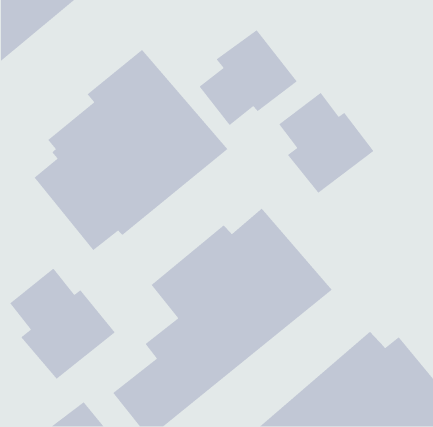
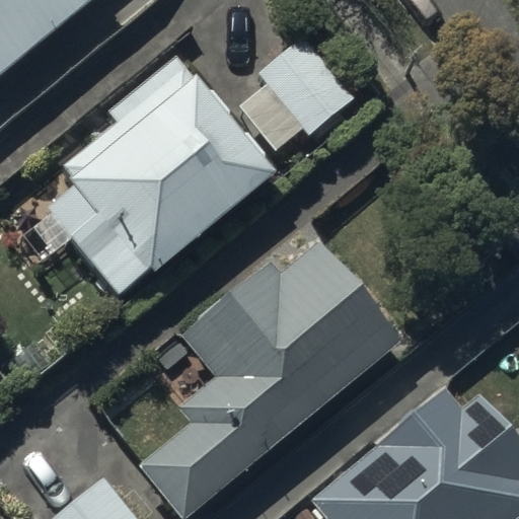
building: [278,92,375,194] -> none
building: [9,268,116,380] -> none

